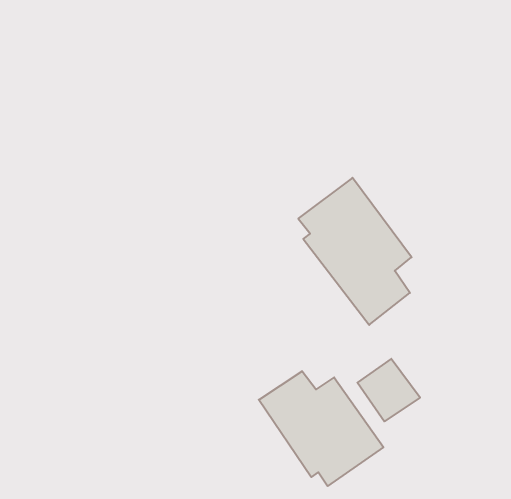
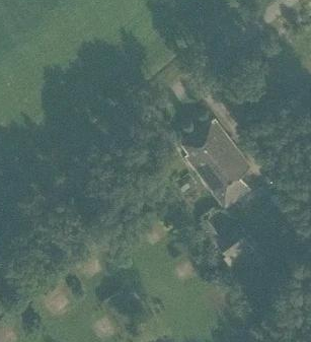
building: [259,371,383,486] -> none

